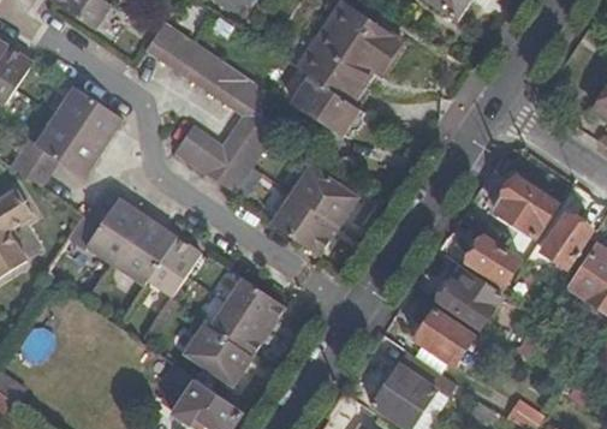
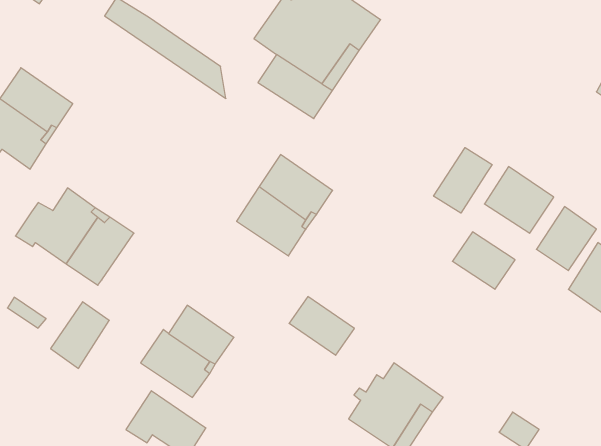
building: [144,41,279,195] -> none
building: none -> [434,148,492,213]
building: [148,237,201,297] -> [51,302,109,368]
building: [439,272,501,328] -> none
building: [225,278,284,330] -> [289,297,354,355]
building: [413,308,475,367] -> none

